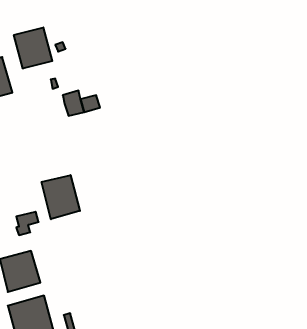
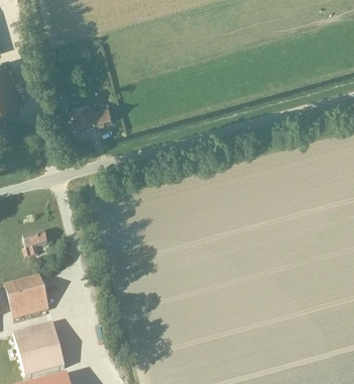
building: [14,27,52,69] -> none
building: [42,175,80,219] -> none

